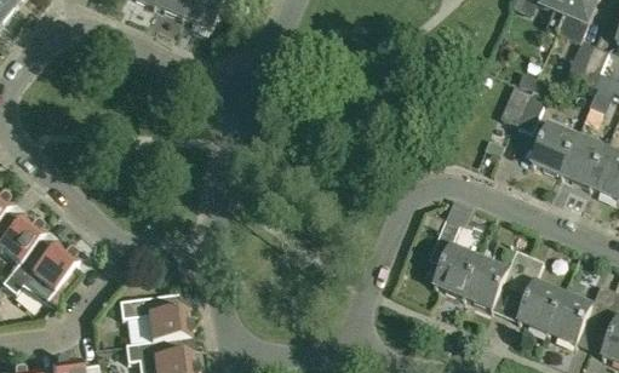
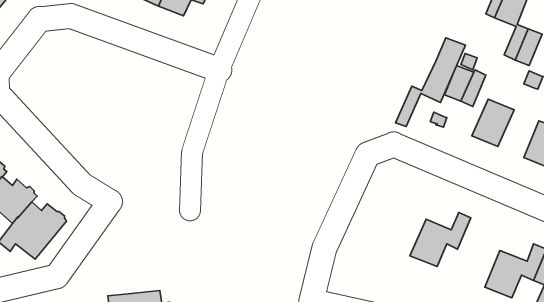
building: none -> [395,38,466,126]
building: [561,134,607,188] -> none
building: [430,219,481,298] -> none
building: [516,256,563,333] -> none
building: [119,293,194,340] -> none

